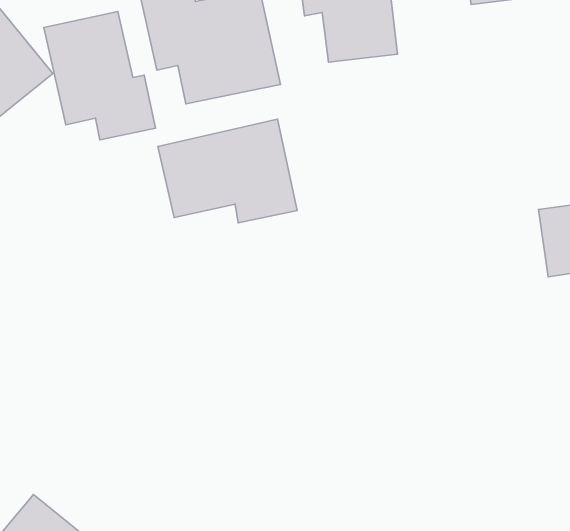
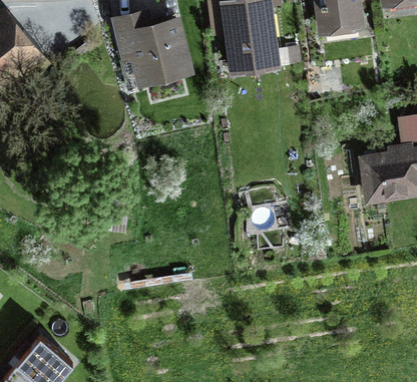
building: [44,12,155,140] -> none
building: [158,119,297,223] -> none

